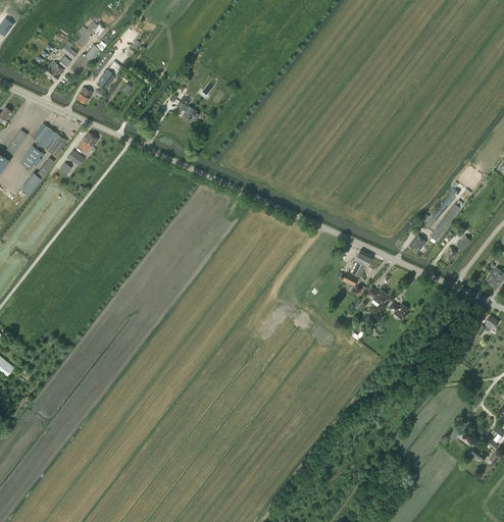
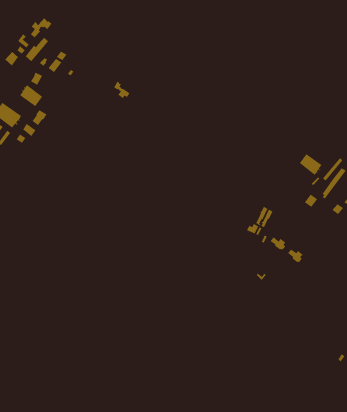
building: none -> [19,84,43,107]
building: none -> [299,153,322,176]

